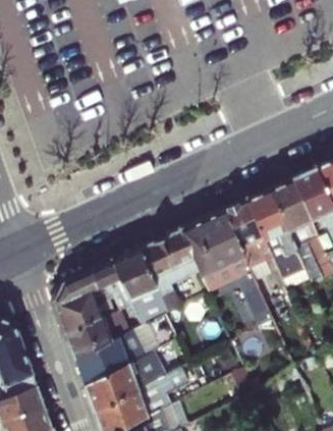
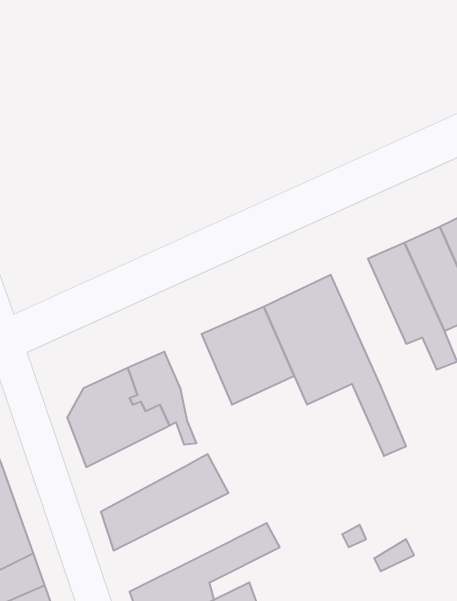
building: [225,201,290,298] -> none
building: [119,249,170,327] -> none
building: [69,307,133,362] -> none
building: [87,364,142,413] -> none

